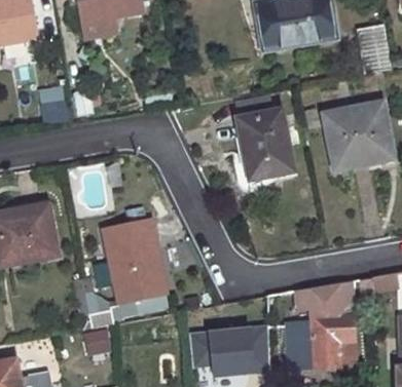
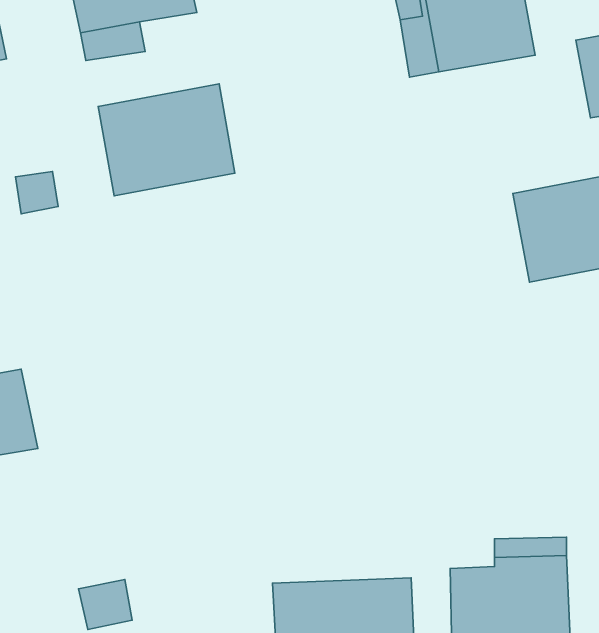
building: none -> [98,84,235,196]
building: [236,96,291,181] -> none
building: [83,220,165,326] -> none

